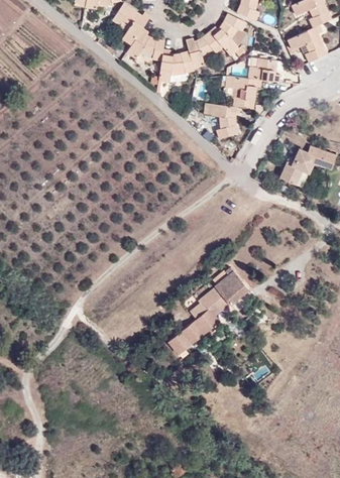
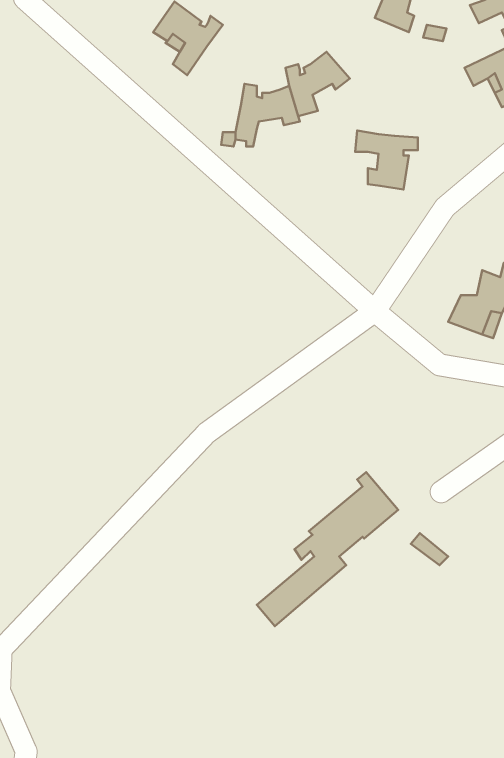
building: [209,13,246,54] -> none
building: [125,27,164,61] -> none
building: [247,56,279,81] -> none
building: [203,102,239,138] -> none

